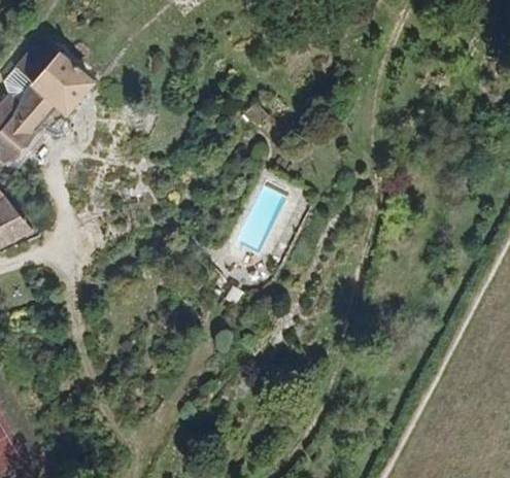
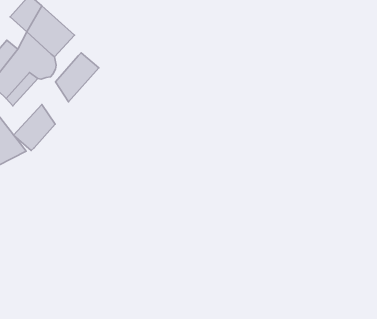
building: none -> [55,53,99,102]
building: none -> [14,104,55,151]

